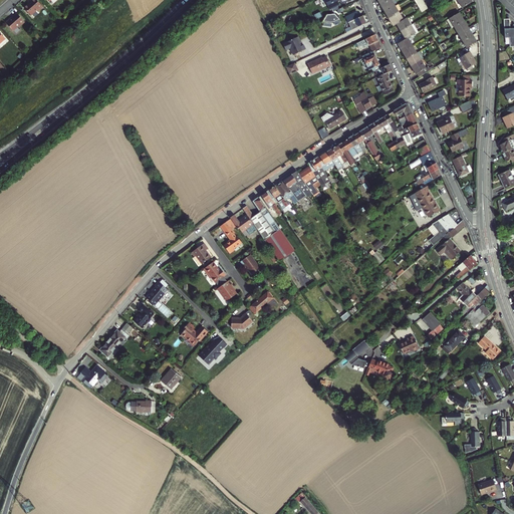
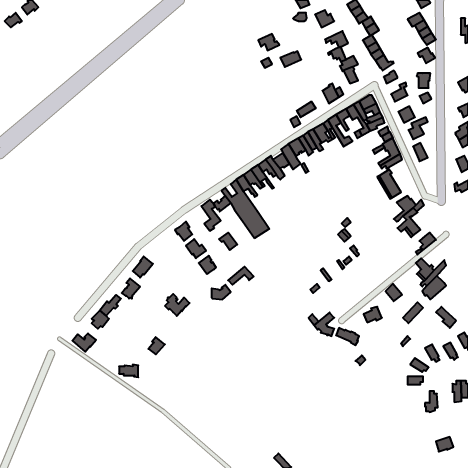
building: [198,336,227,364] -> none

